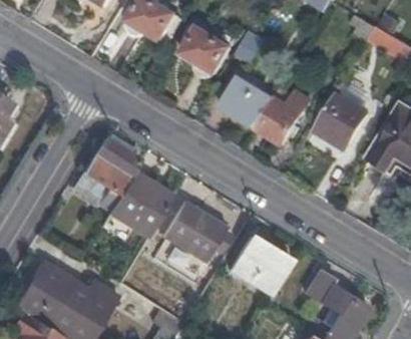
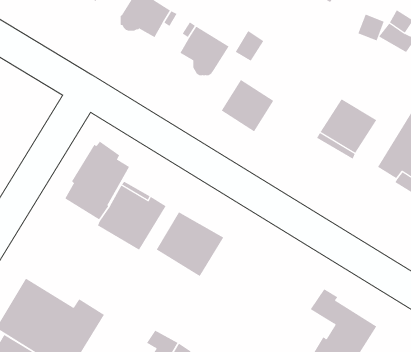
building: [255,88,310,143] -> none
building: [229,235,291,294] -> none

